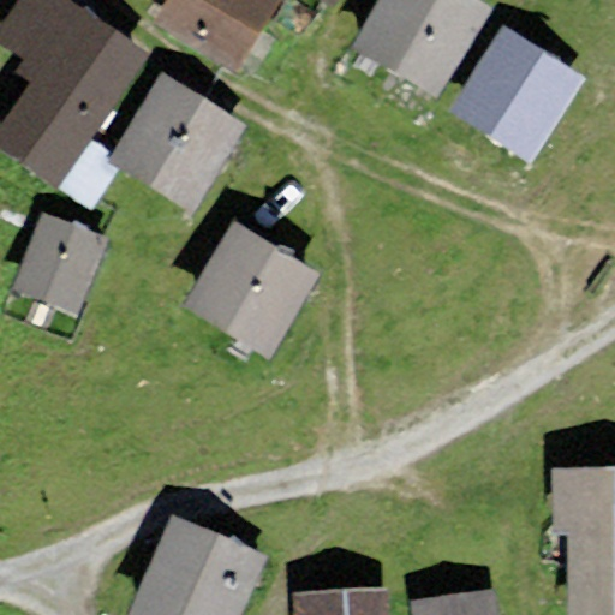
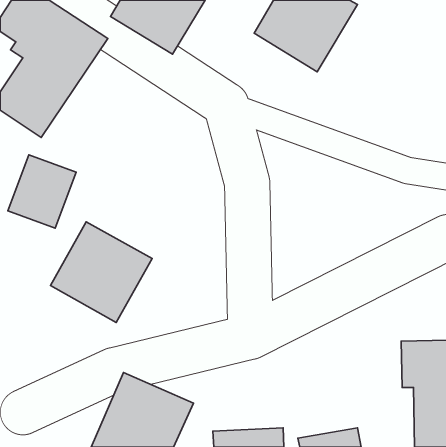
building: [450,26,584,161] -> none
building: [108,72,246,213] -> none
building: [180,221,320,359] -> [50,222,152,322]

